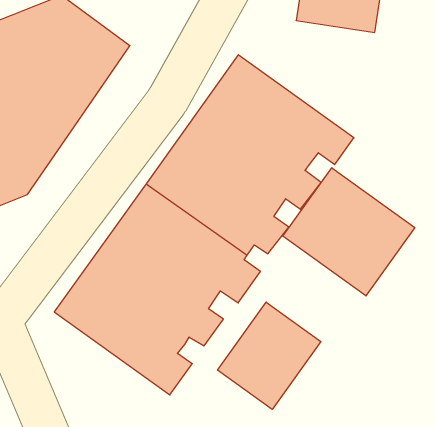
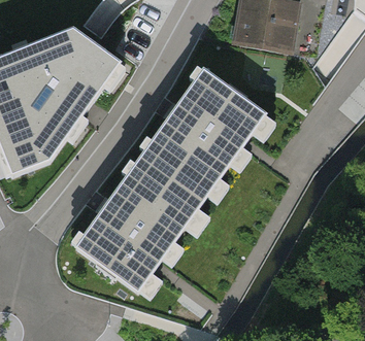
building: [283,168,415,296] -> none
building: [217,302,321,409] -> none

